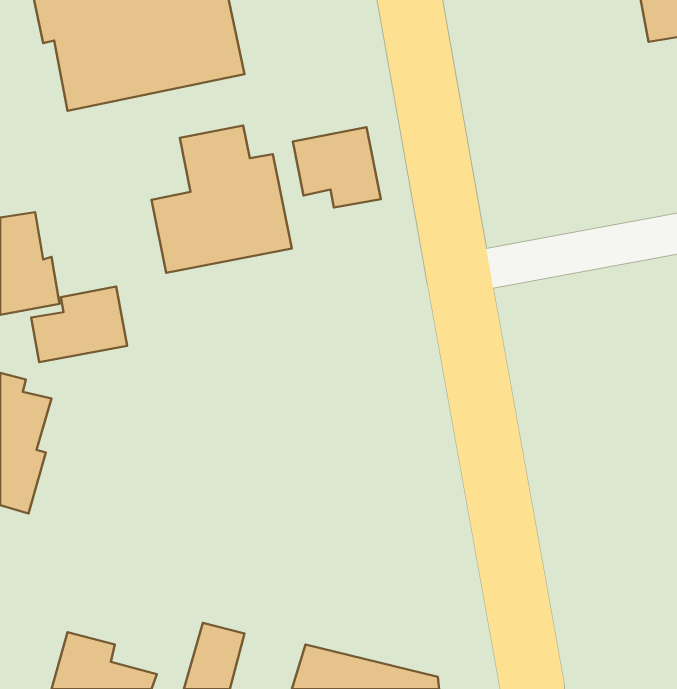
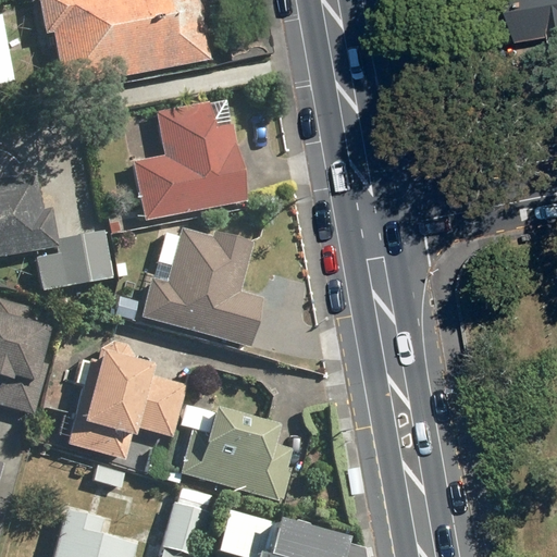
building: [293,127,381,207] -> none
building: none -> [141,227,261,346]
building: none -> [67,338,186,458]
building: none -> [180,408,292,498]

